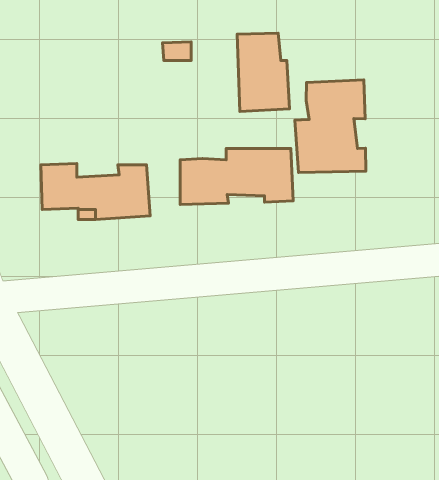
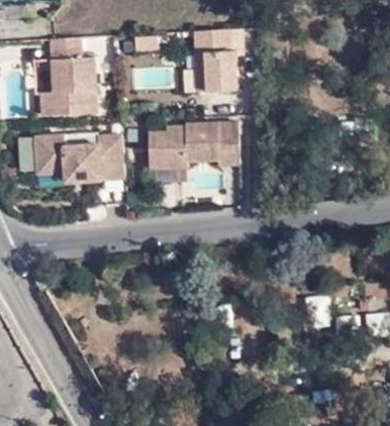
building: none -> [40,36,96,116]
building: [295,80,366,172] -> none

